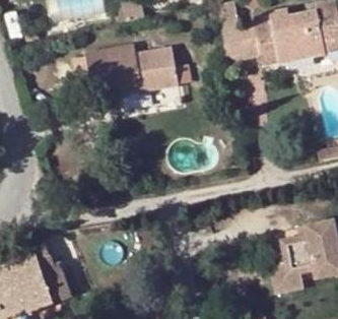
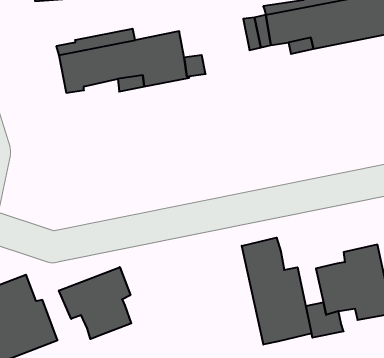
building: none -> [242,238,311,345]
building: none -> [59,267,131,339]

